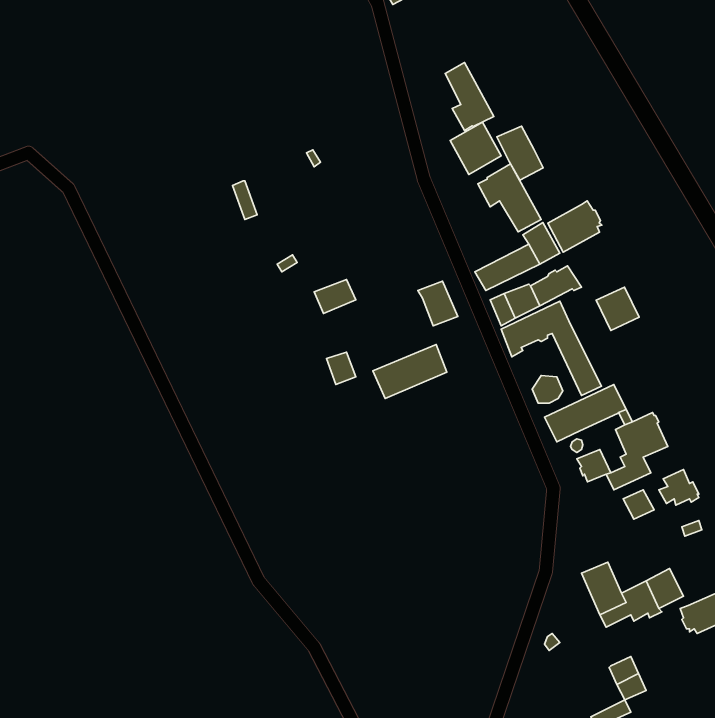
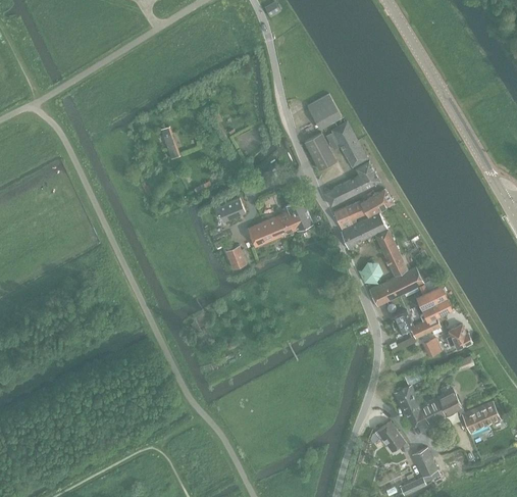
building: [445,63,494,130] -> none
building: [497,126,543,180] -> [304,134,334,169]
building: [548,201,602,252] -> none
building: [596,287,639,330] -> none
building: [373,344,447,399] -> [247,210,296,246]
building: none -> [377,419,408,451]

